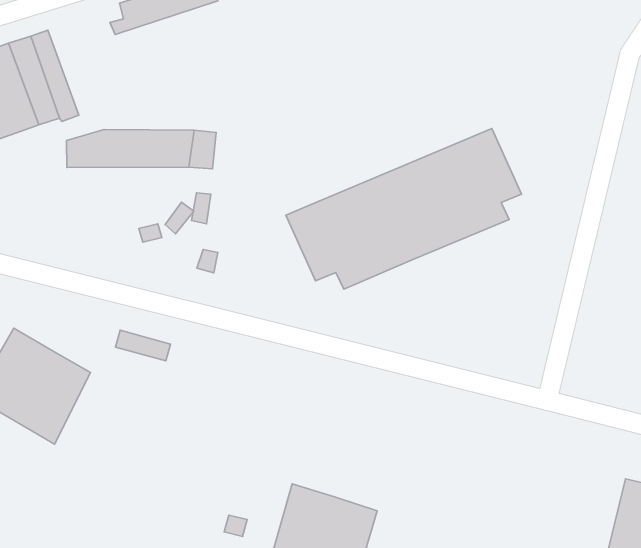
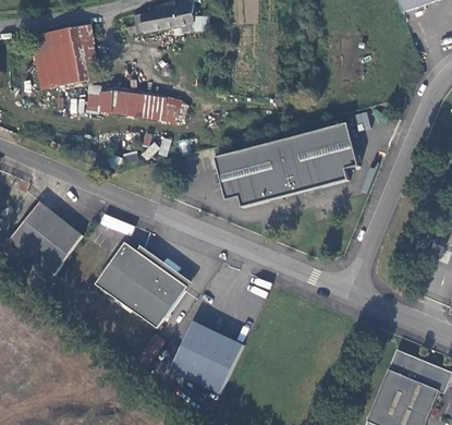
building: none -> [97,243,187,328]

